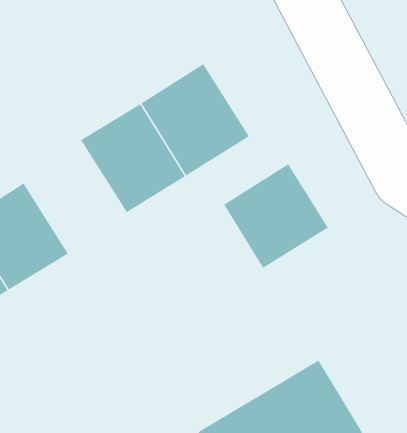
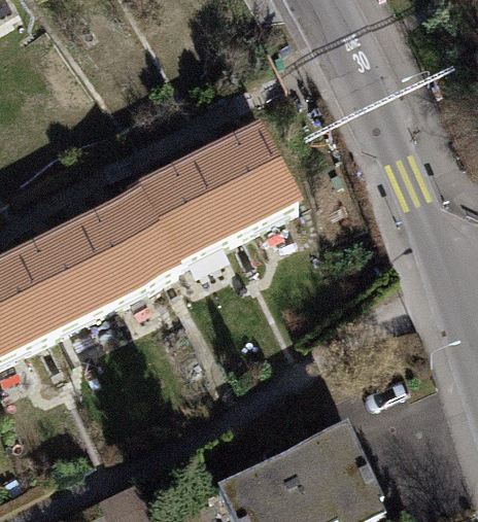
building: none -> [73,197,171,300]
building: [223,163,329,269] -> none

